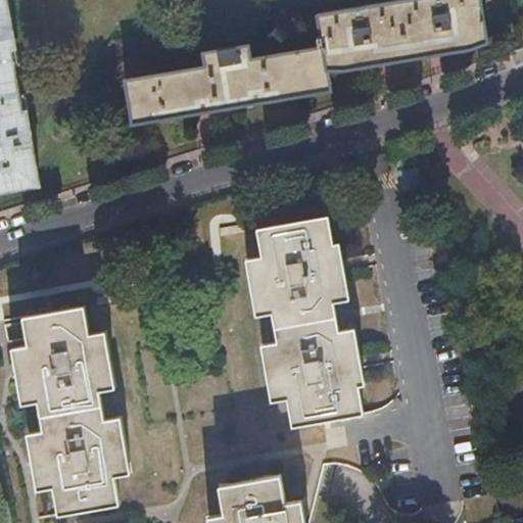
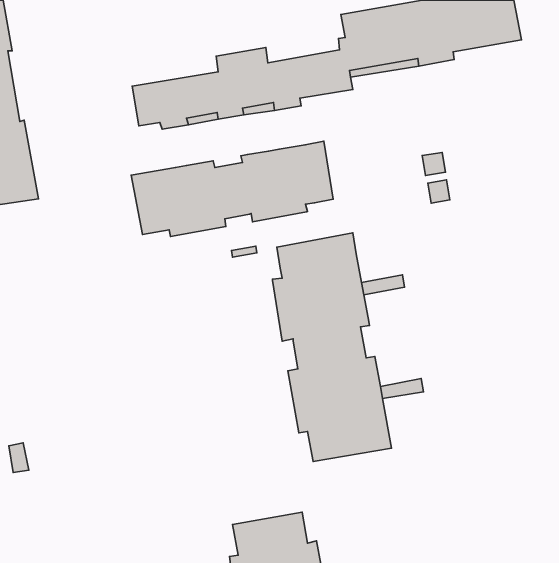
building: none -> [131,141,333,236]
building: [16,306,123,516] -> none

